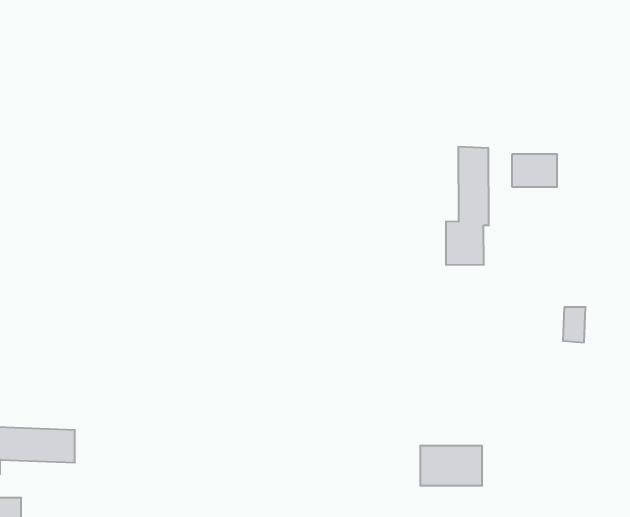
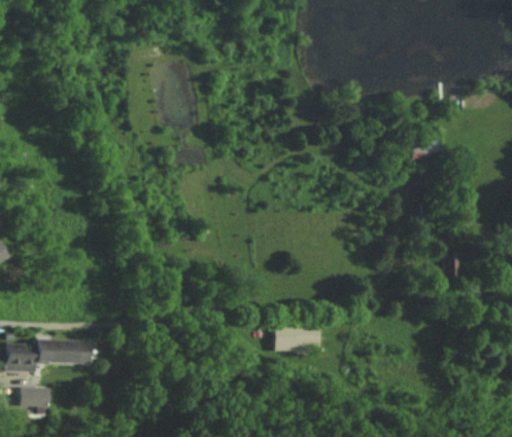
building: [446,147,488,265] -> none
building: [420,446,482,485] -> [276,323,321,352]

